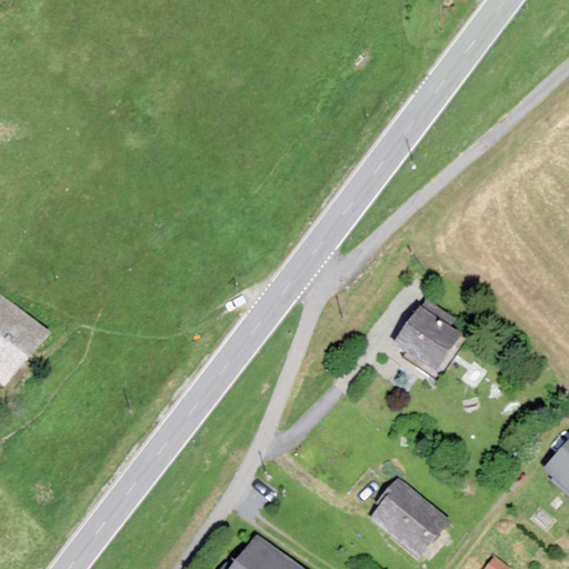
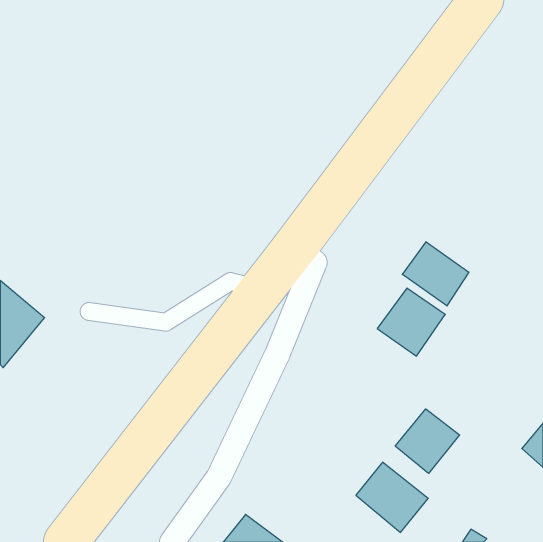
building: none -> [402,242,469,306]
building: none -> [395,409,460,473]

